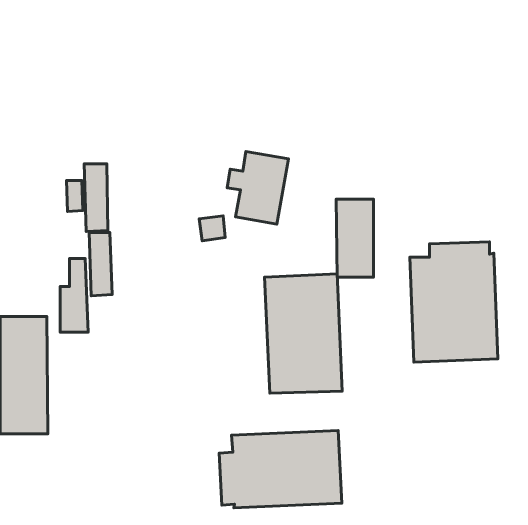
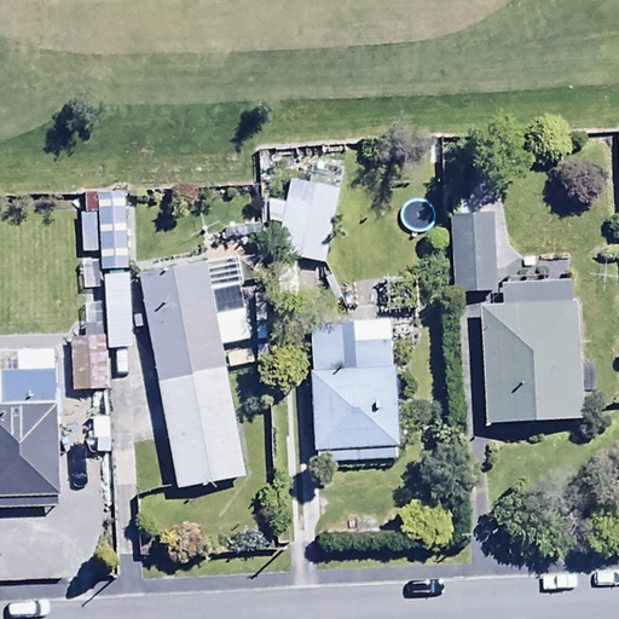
building: [336,199,374,277] -> [452,199,496,290]
building: none -> [139,258,250,486]
building: [219,430,342,508] -> none

